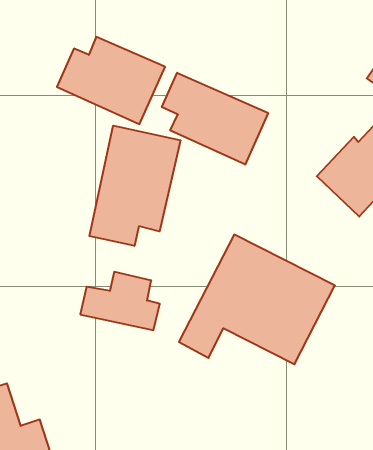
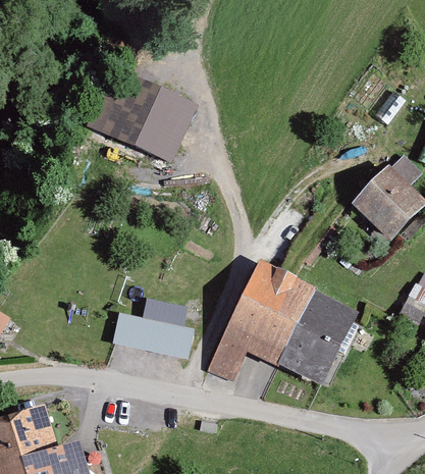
building: [162,73,268,165] -> none
building: [90,126,180,246] -> none

